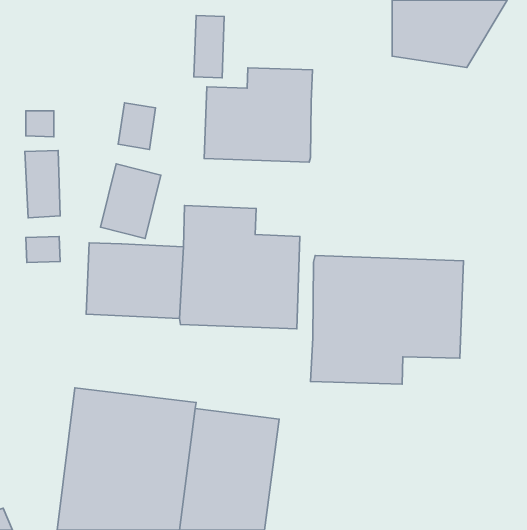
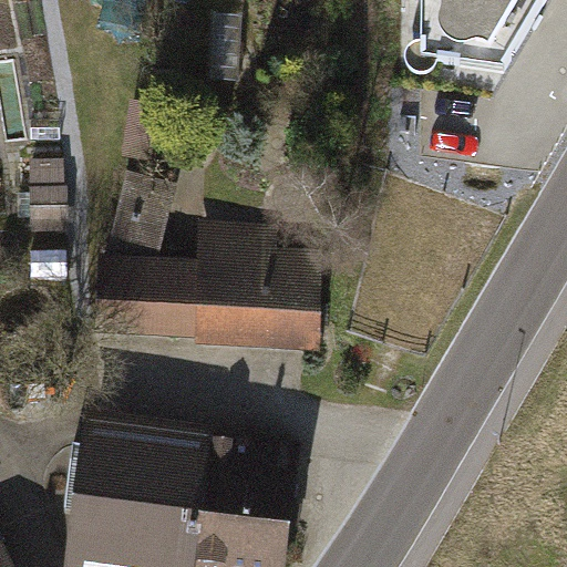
building: [204,68,313,162] -> none
building: [311,256,464,384] -> none

